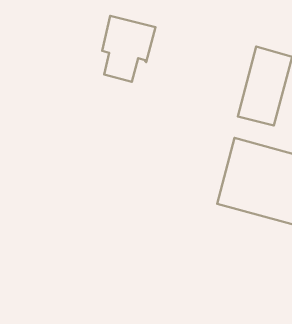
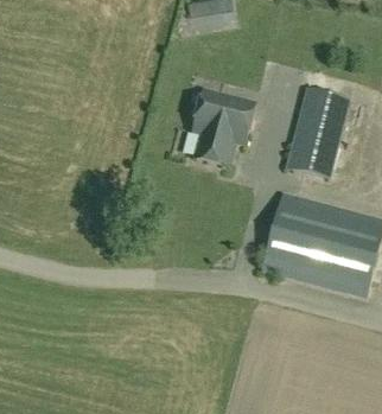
building: [102,16,156,82] -> [191,91,253,167]

